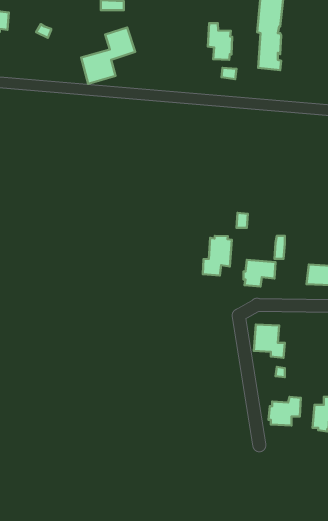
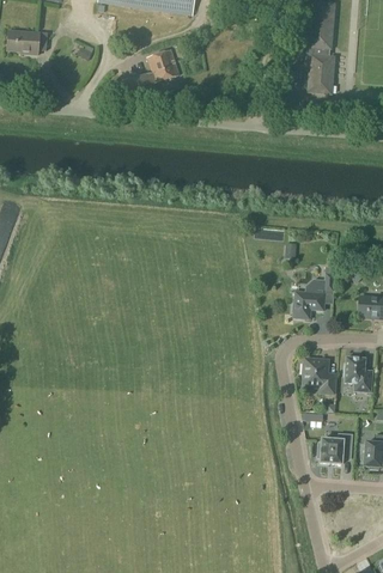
building: [208,23,232,60] -> none
building: [203,236,232,275] -> none
building: none -> [344,356,372,391]

